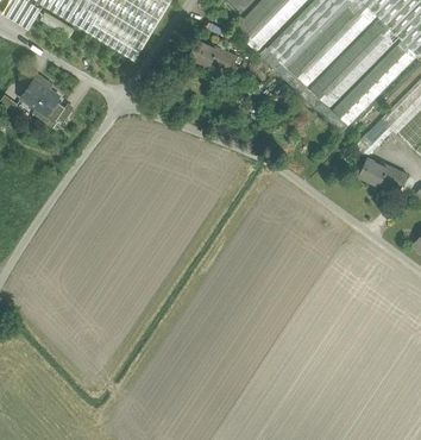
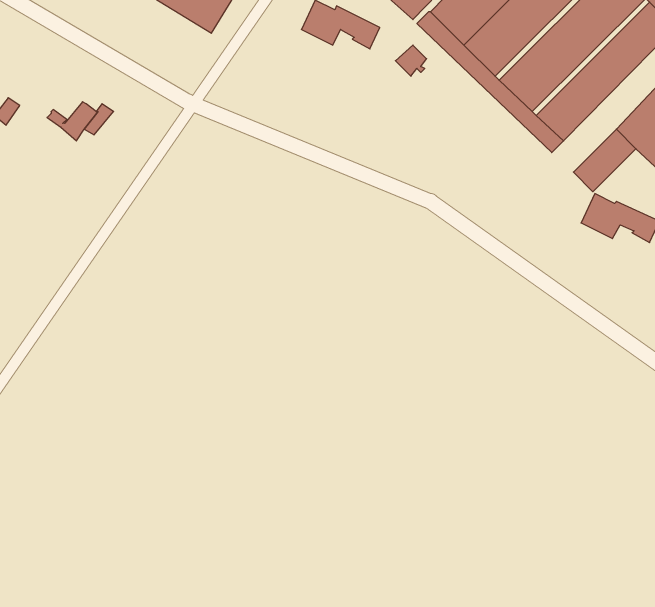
building: [21,74,59,114] -> none

